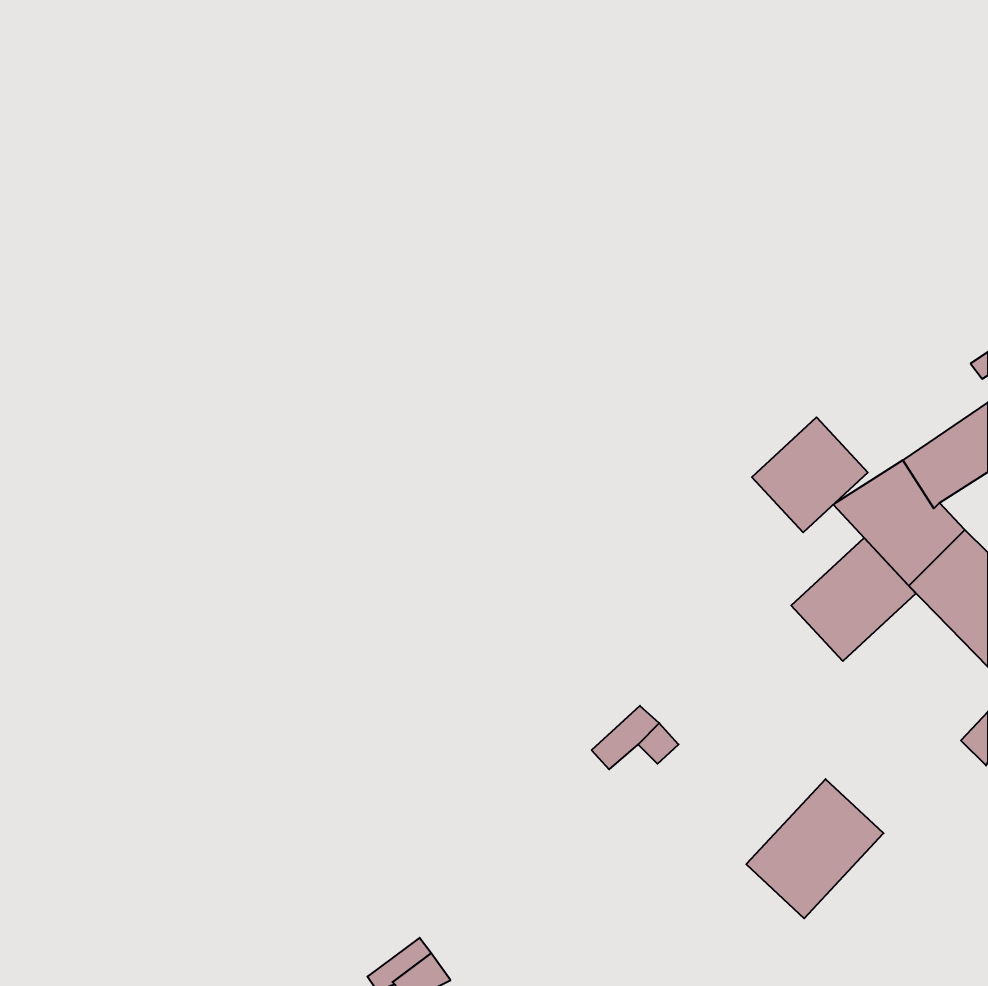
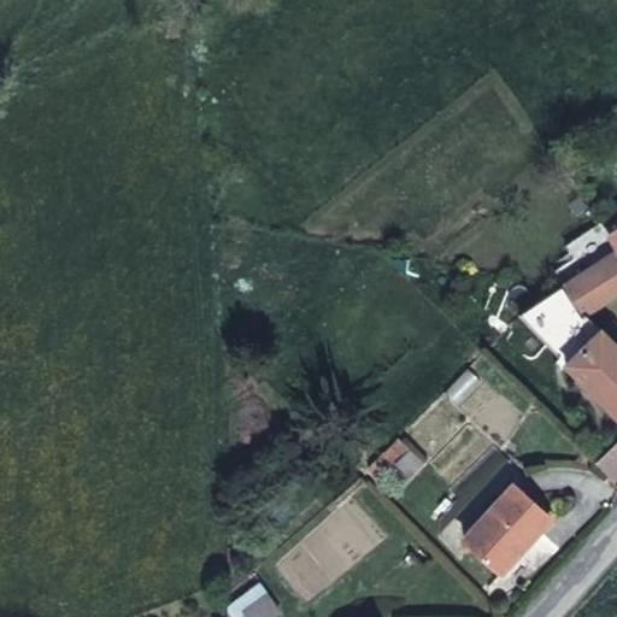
building: [752,417,868,532] -> none
building: [791,538,916,661] -> none

